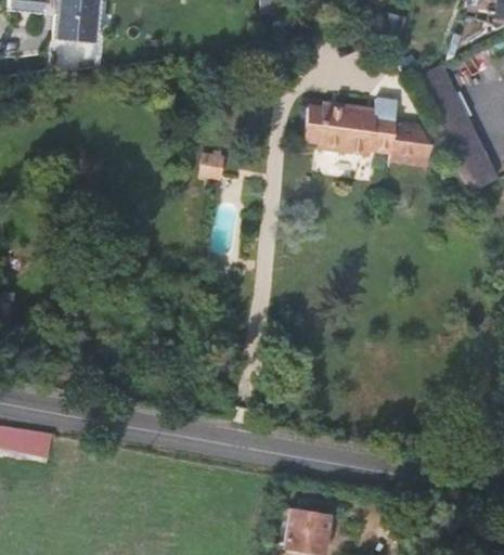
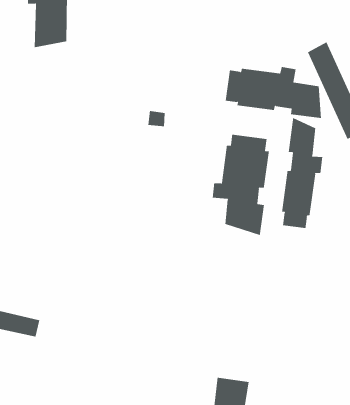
building: none -> [282,117,323,229]
building: none -> [212,134,269,236]

